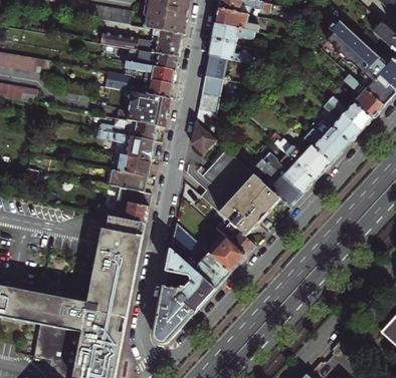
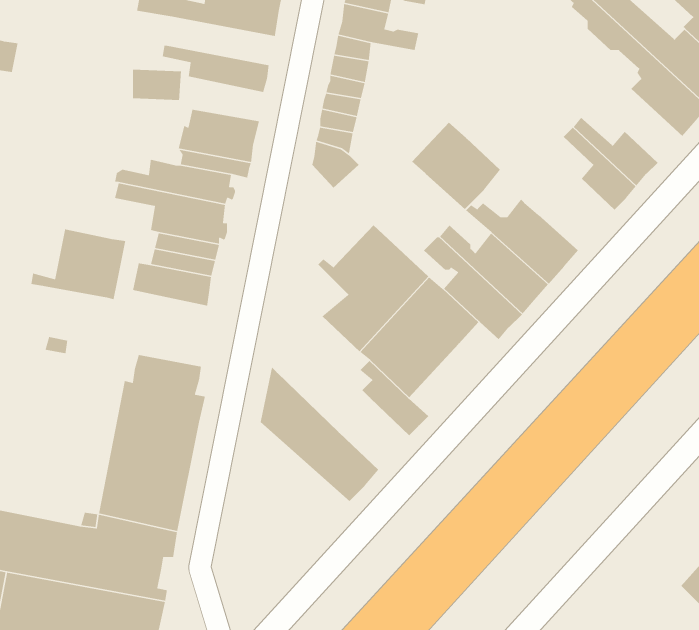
building: [123,45,178,69] -> none
building: [343,73,383,118] -> none
building: [131,75,172,97] -> none
building: [304,118,349,162] -> [411,122,501,210]
building: [192,119,216,153] -> none
building: [103,185,151,222] -> [31,228,126,300]
building: [210,237,245,273] -> none
building: [155,249,215,343] -> none

